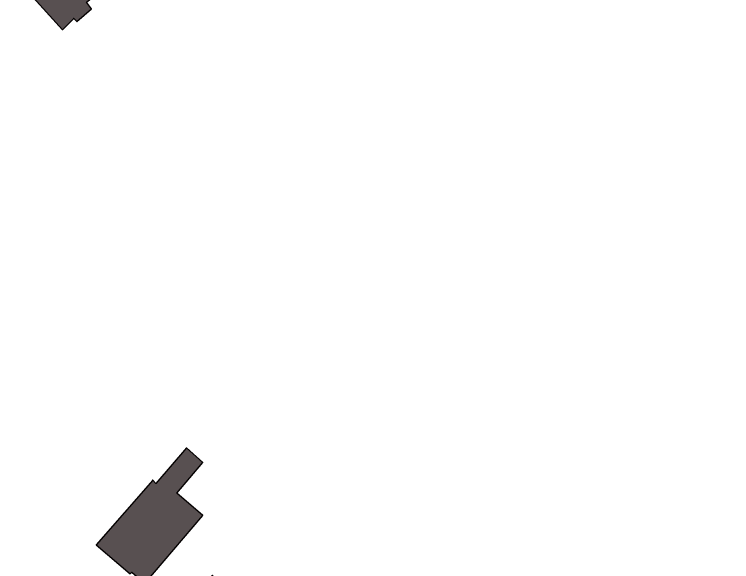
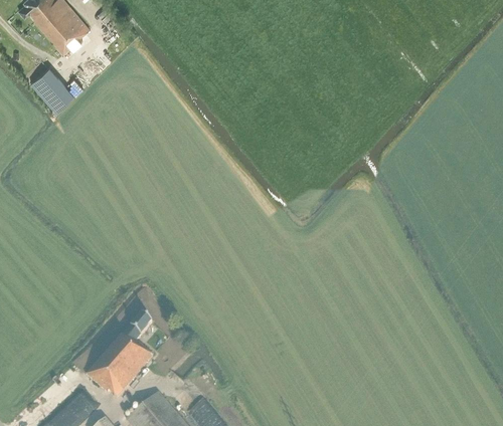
building: none -> [31,64,76,111]

